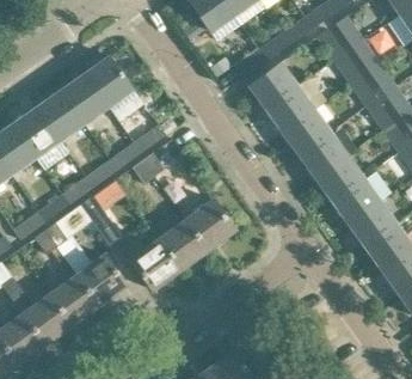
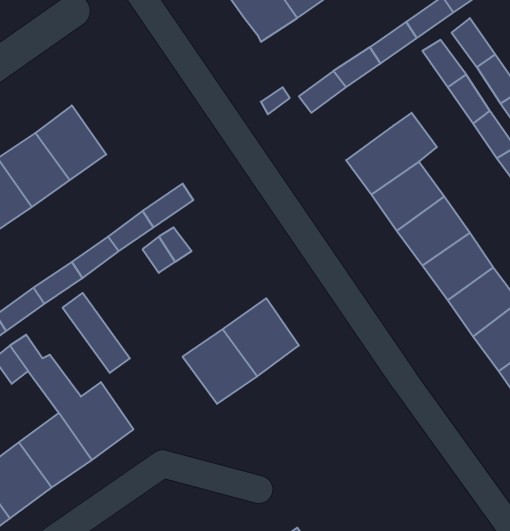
building: [86,56,143,121] -> none
building: [250,63,297,109] -> none
building: [130,238,182,291] -> none

